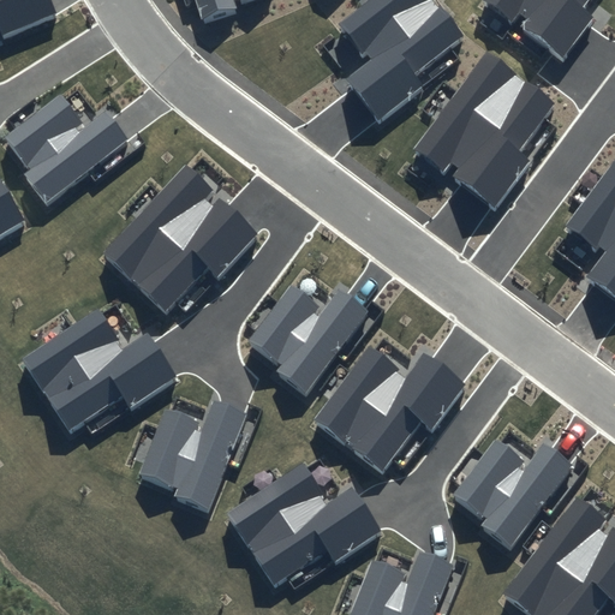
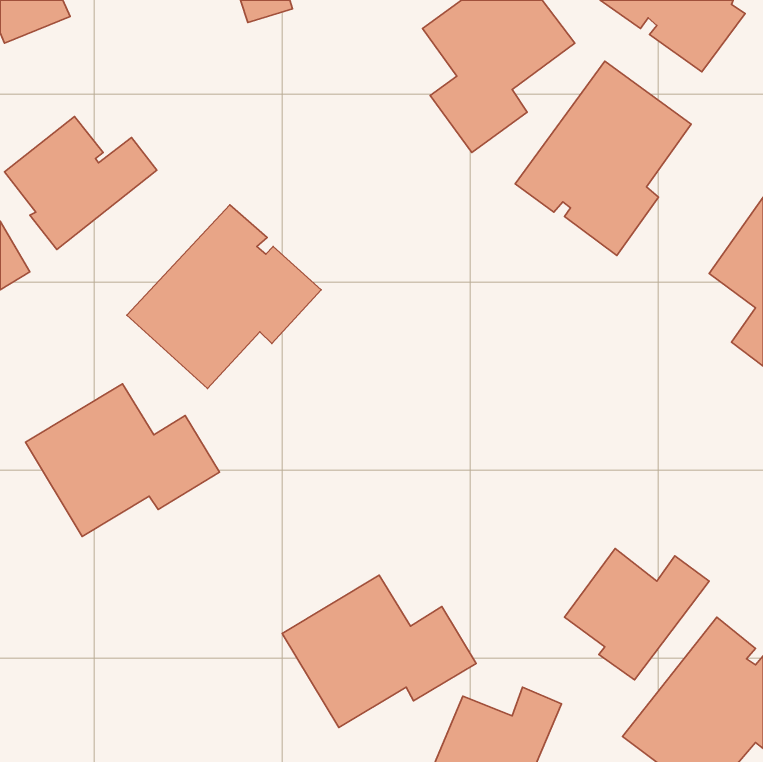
building: [249,285,366,392] -> none
building: [312,346,467,472] -> none
building: [142,406,247,512] -> none

